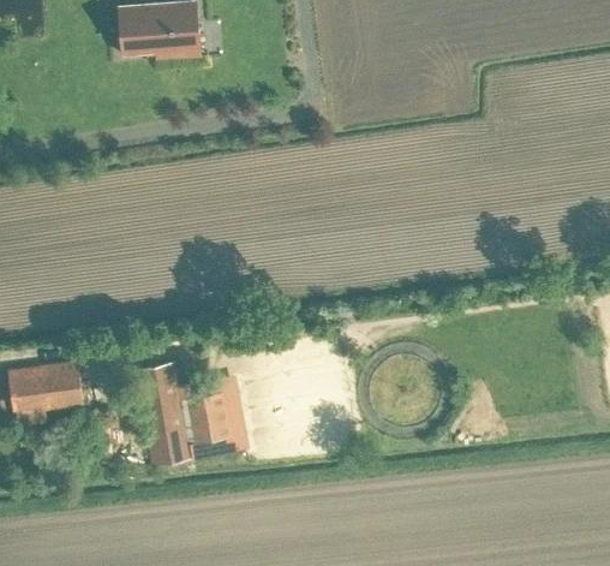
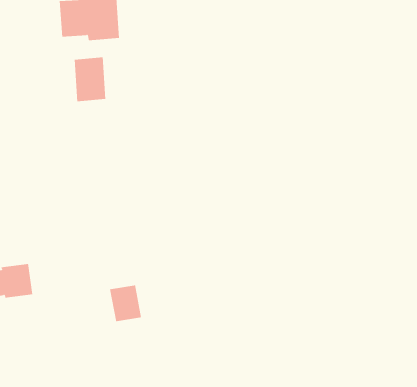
building: none -> [74,56,106,102]
building: [136,363,193,465] -> none

